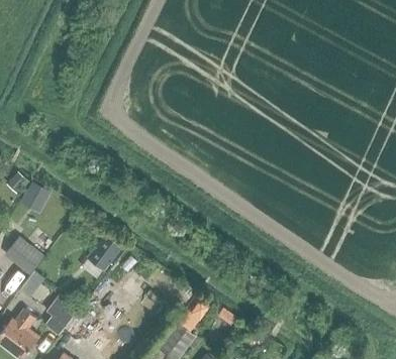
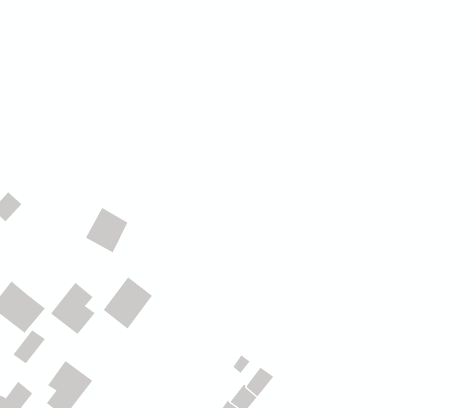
building: [19,181,51,214] -> [85,207,128,253]
building: none -> [50,282,95,335]

